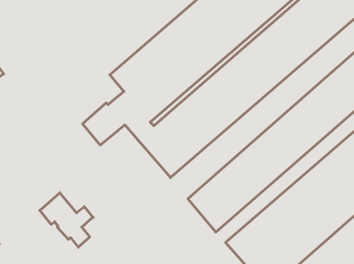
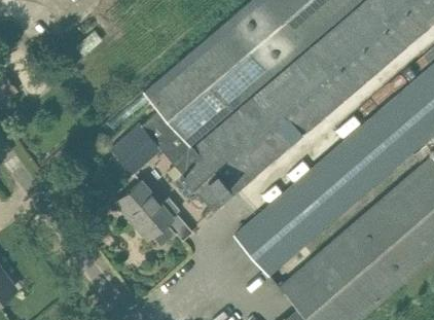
building: [40,193,93,247] -> [116,183,179,247]

